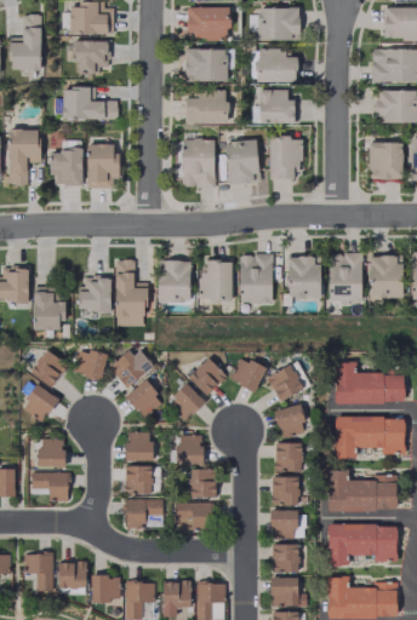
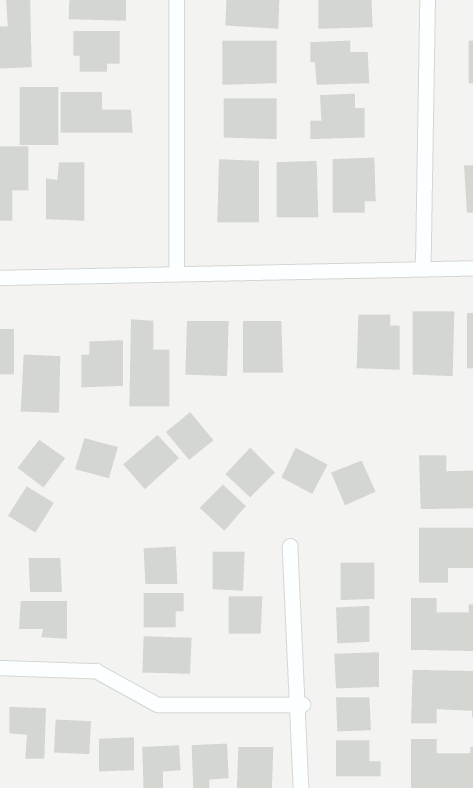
building: [87,143,118,188] -> [19,86,59,146]
building: [239,254,273,303] -> none
building: [126,380,164,418] -> [165,411,214,461]
building: [275,404,307,437] -> none
building: [176,501,213,528] -> none

